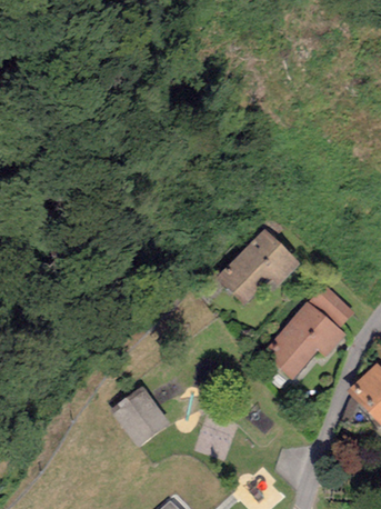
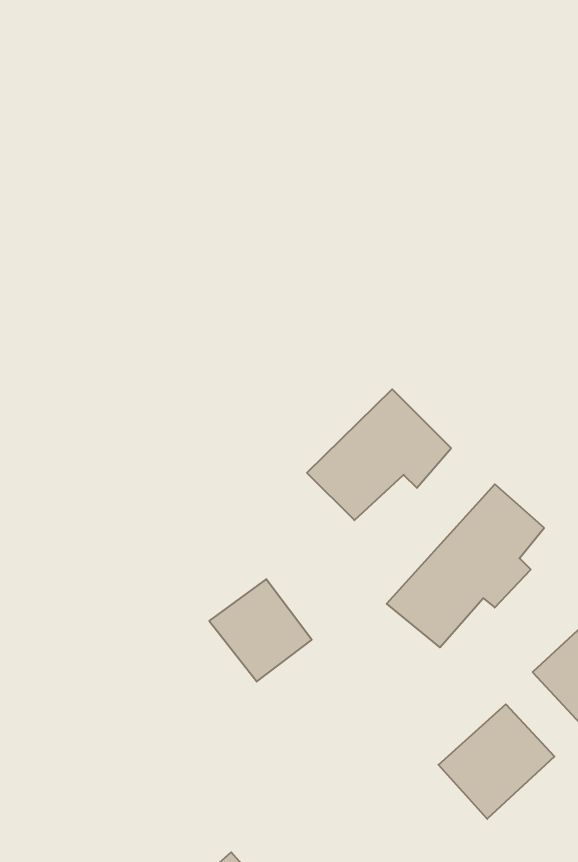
building: [111,383,171,443] -> [209,579,312,682]
building: none -> [438,704,554,819]

